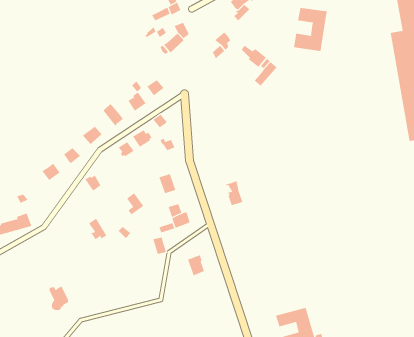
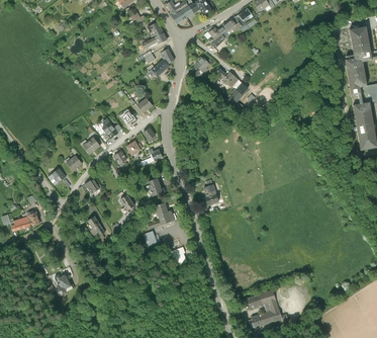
building: [293,7,327,52] -> none

